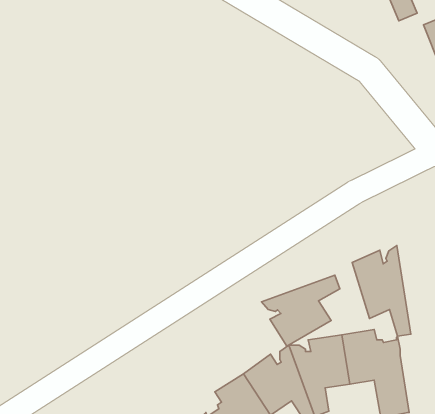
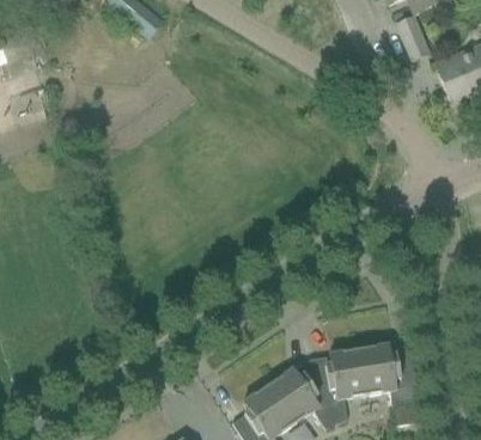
building: [352,245,411,336] -> none
building: [262,275,340,346] -> none

